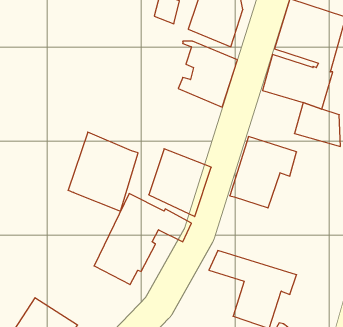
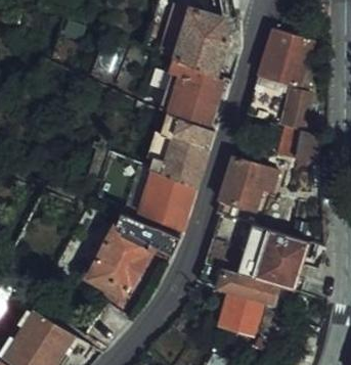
building: [68,132,138,211] -> [149,113,215,187]
building: none -> [205,215,309,292]

